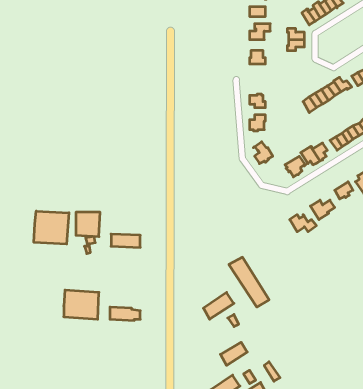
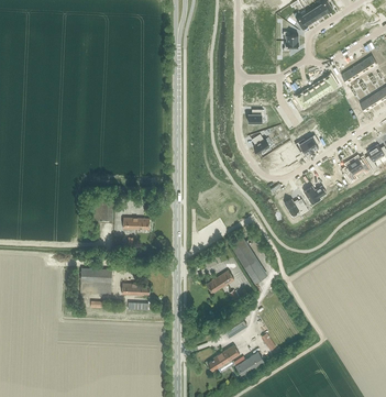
building: [34,211,69,244] -> none

